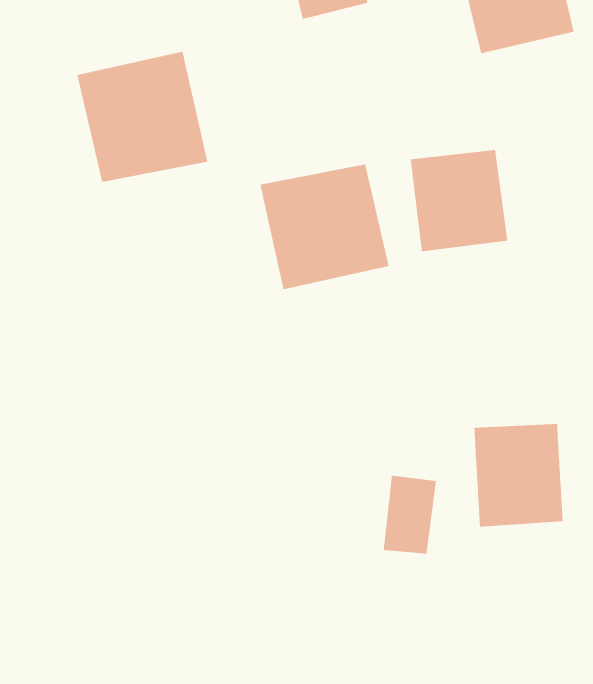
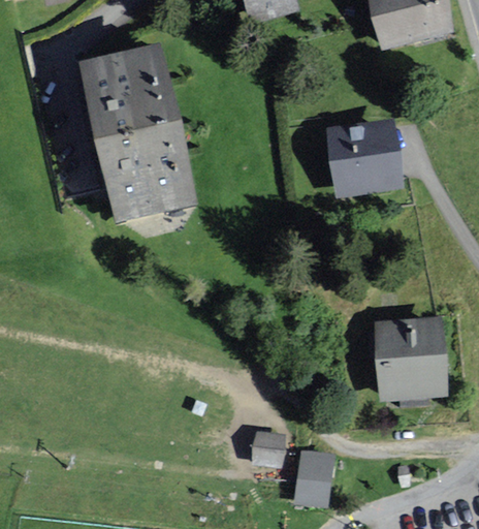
building: [259,164,389,290] -> [98,128,195,222]
building: [383,475,437,554] -> [293,448,333,507]
building: none -> [250,429,284,466]

